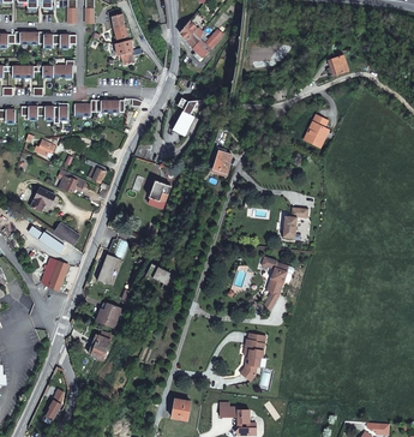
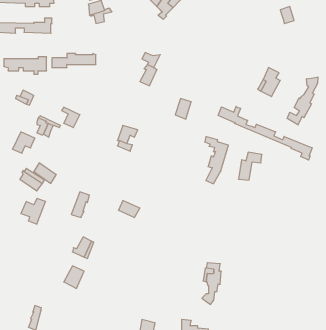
building: none -> [287,77,318,125]
building: none -> [218,106,312,160]
building: [262,258,288,311] -> [205,137,228,184]

